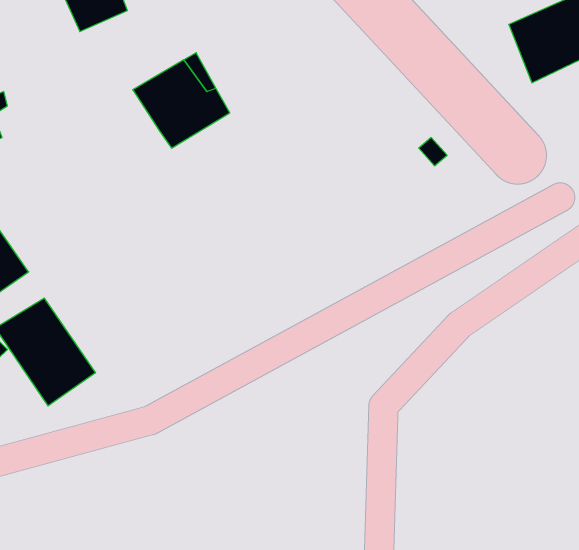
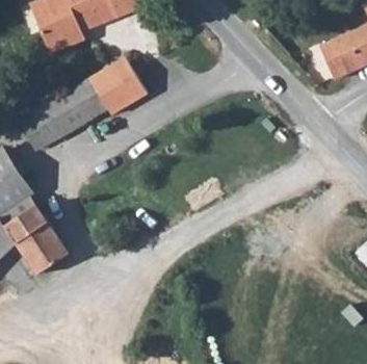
building: none -> [24,85,105,149]

